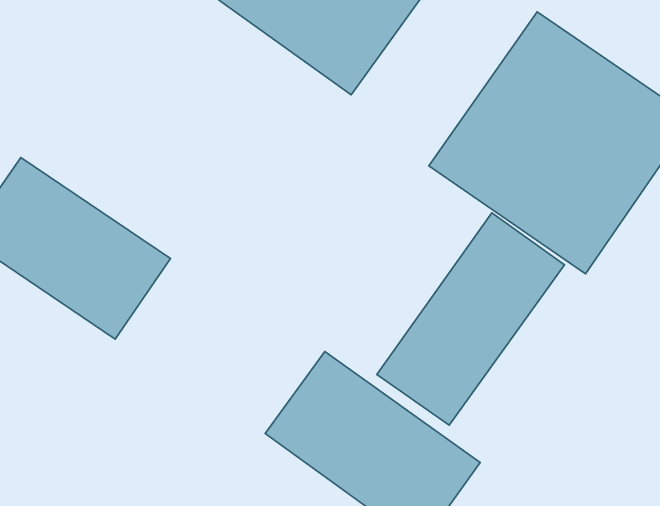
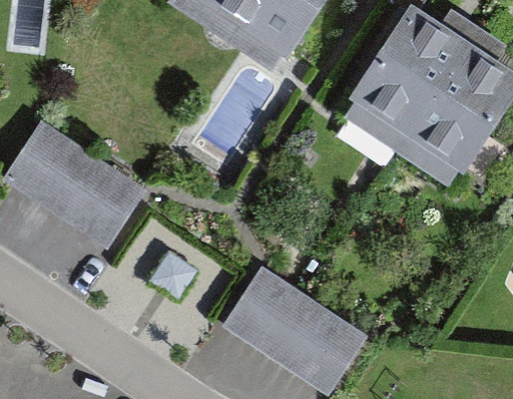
building: [377,213,564,425] -> none

